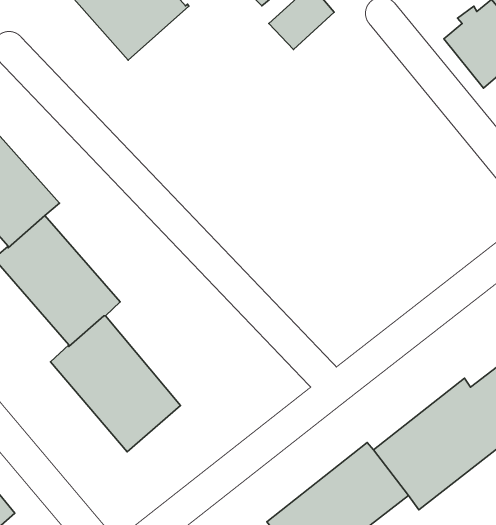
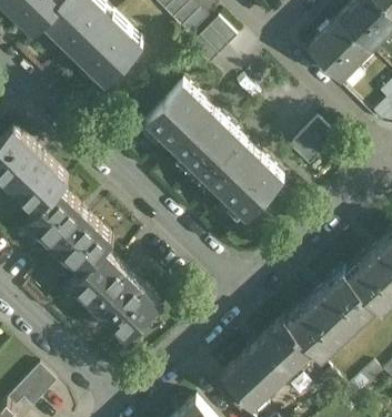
building: none -> [144,82,280,215]
building: none -> [296,122,333,159]

